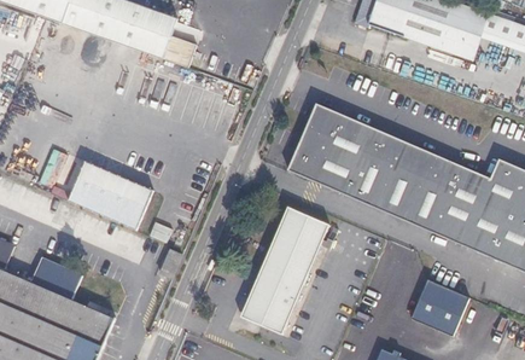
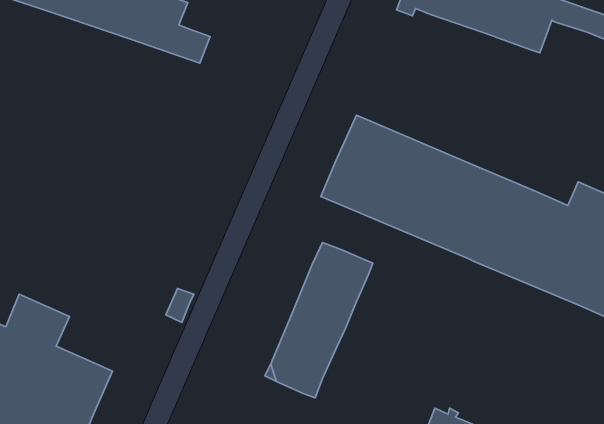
building: [48,157,151,228] -> none
building: [407,284,466,339] -> none

